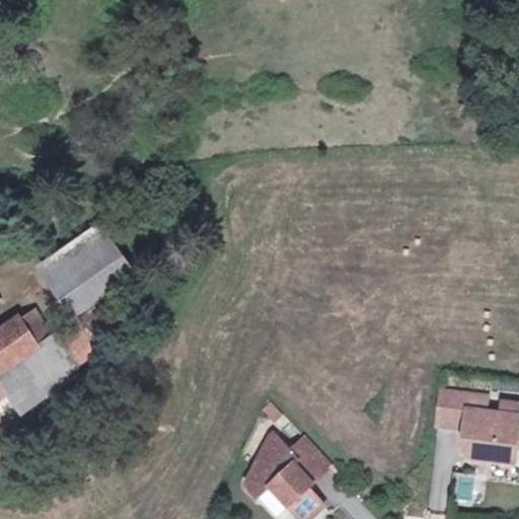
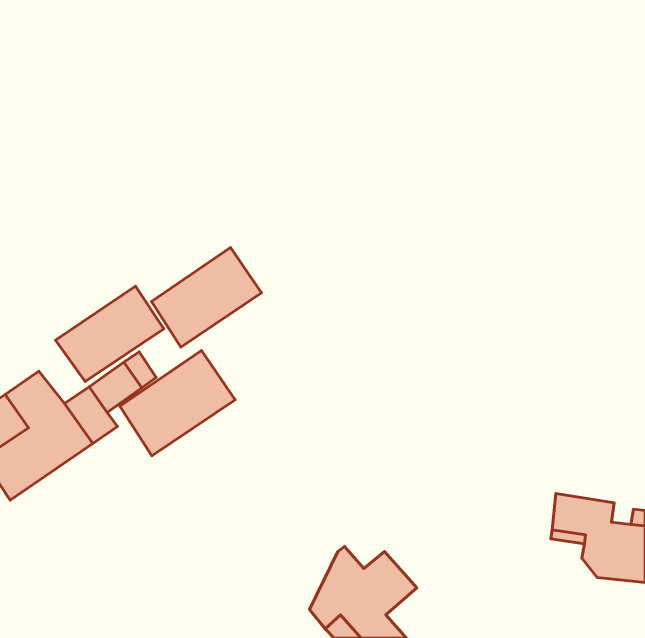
building: none -> [151,248,262,347]
building: none -> [120,351,235,456]

